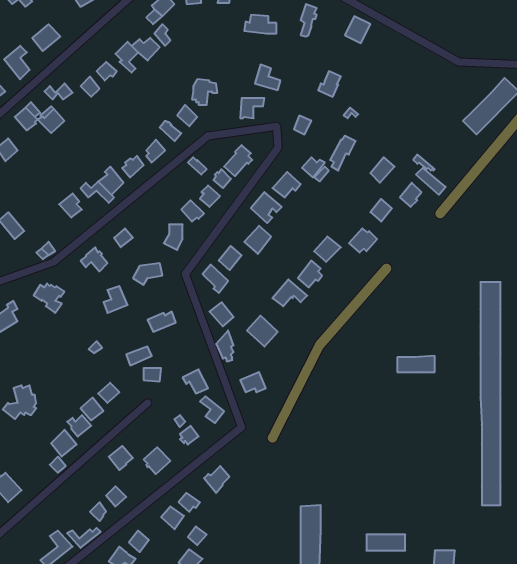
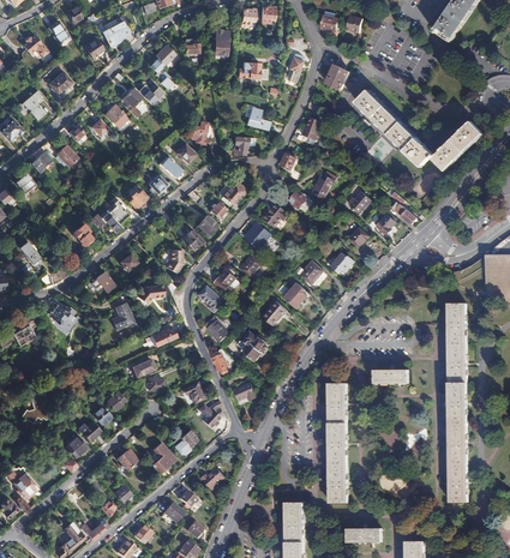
building: none -> [356,90,433,167]
building: none -> [329,383,346,502]

